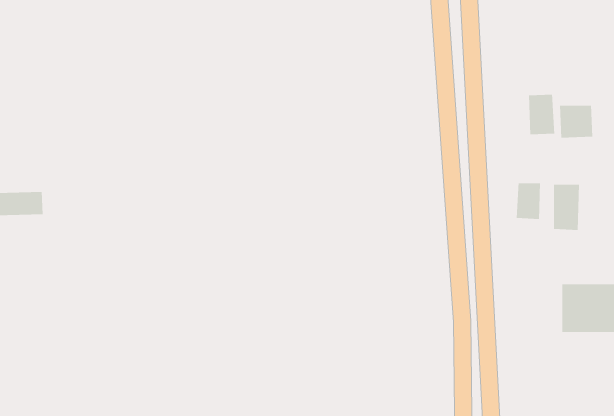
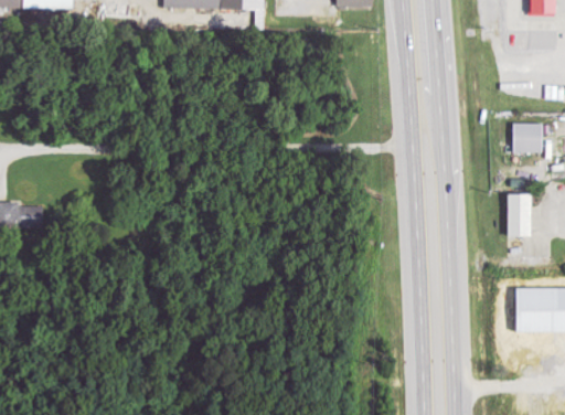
building: [528,94,555,135] -> none
building: [516,182,540,220] -> none

